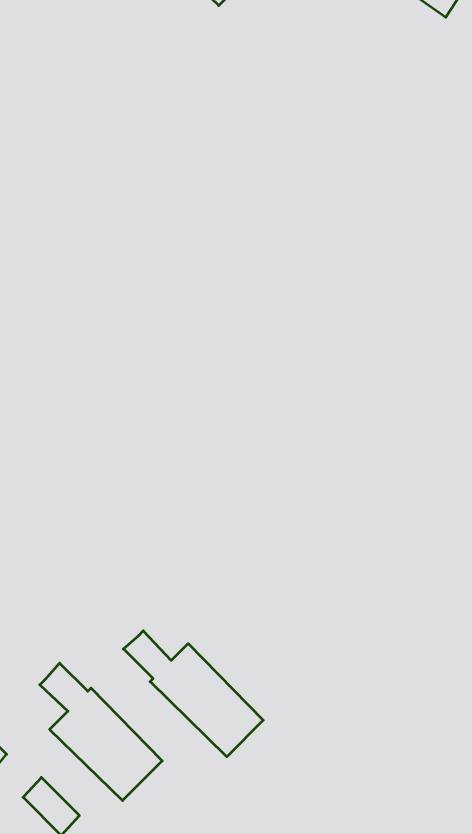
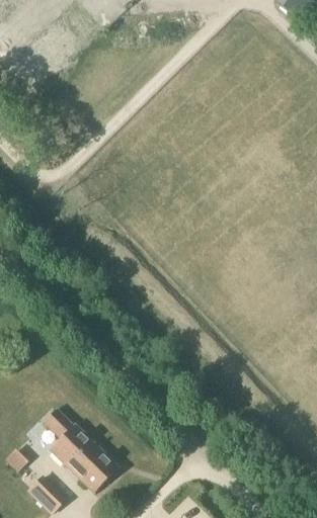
building: [123,631,263,757] -> none

